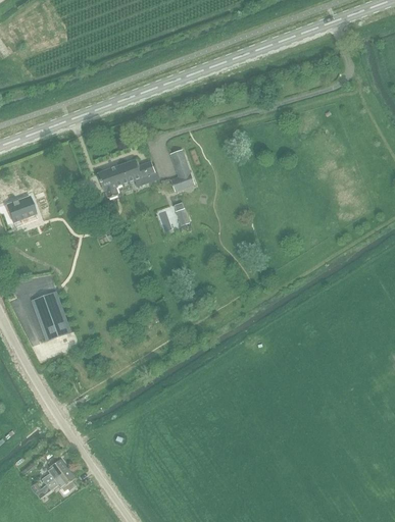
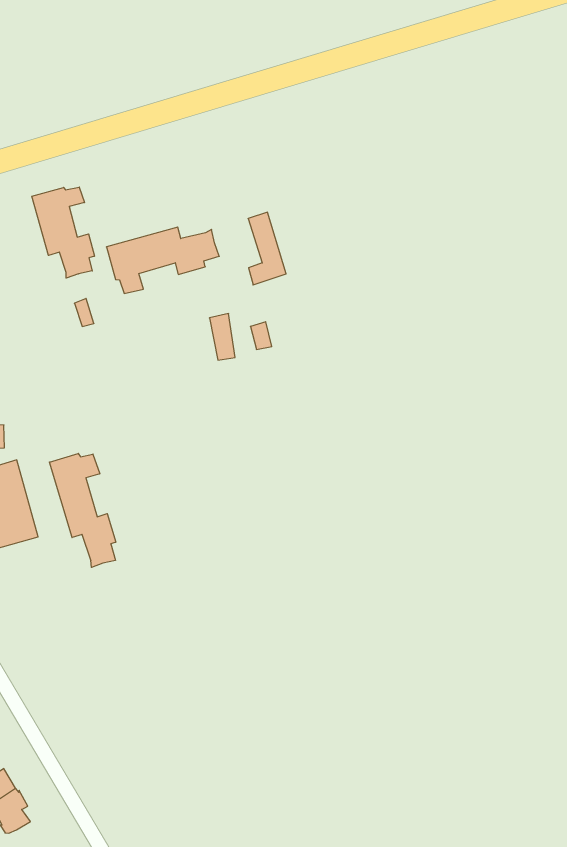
building: none -> [32,187,94,278]
building: none -> [49,453,116,567]

